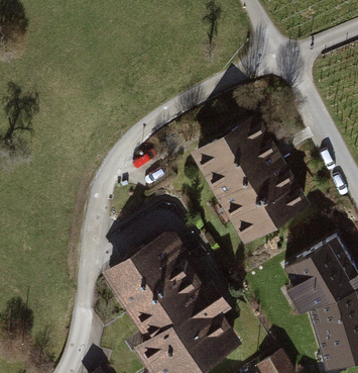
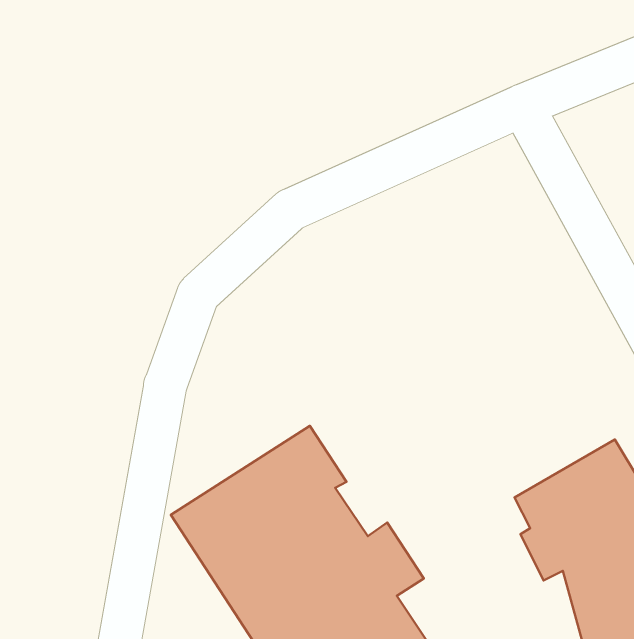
building: [190,114,312,247] -> none

